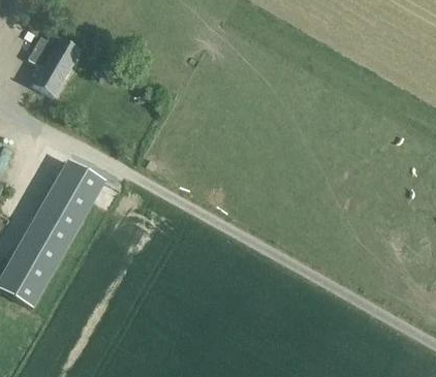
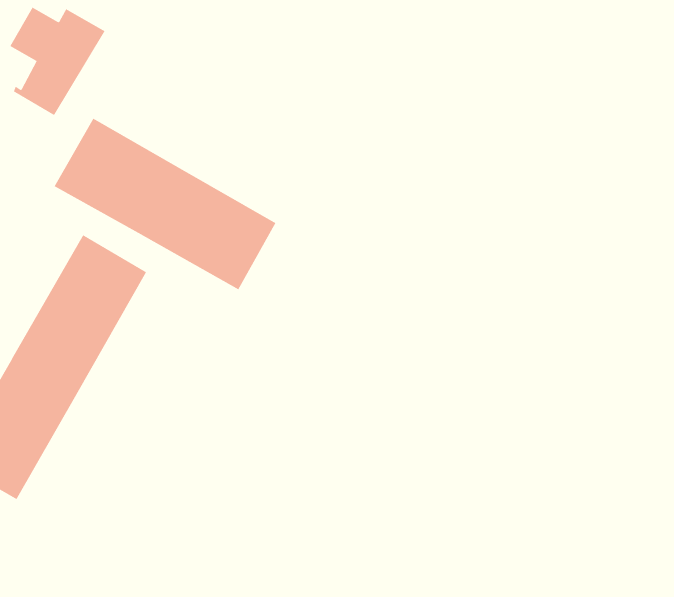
building: none -> [54,118,276,290]

